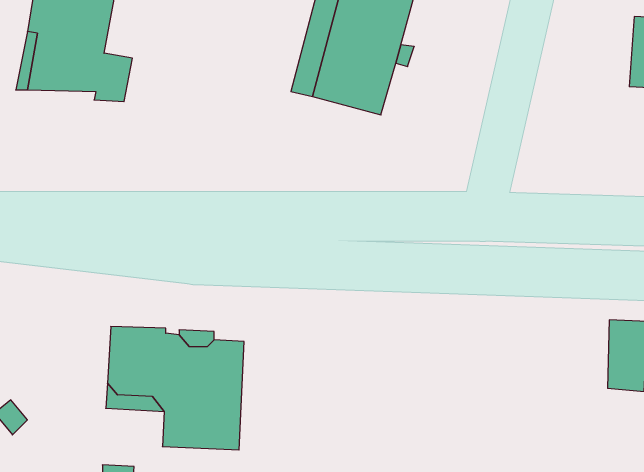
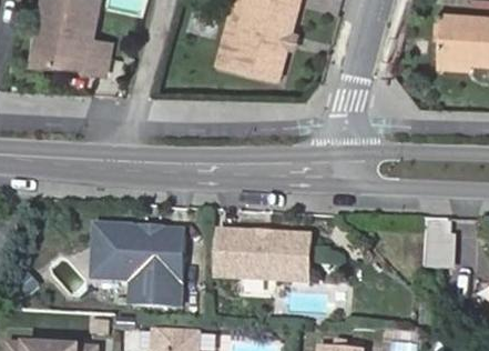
building: none -> [216,230,312,280]

